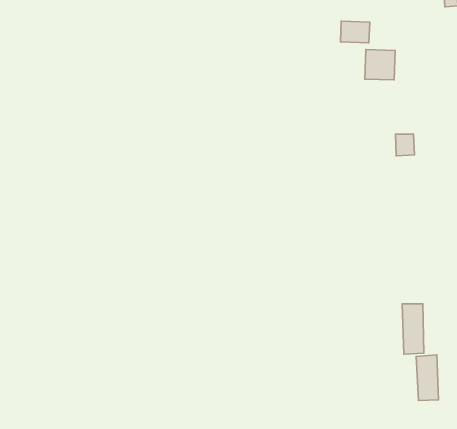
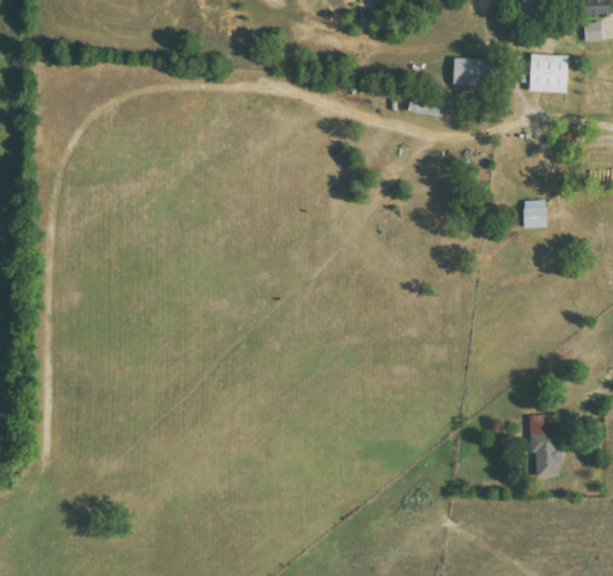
building: [365,50,395,80] -> [529,54,568,92]
building: [416,355,439,400] -> none

